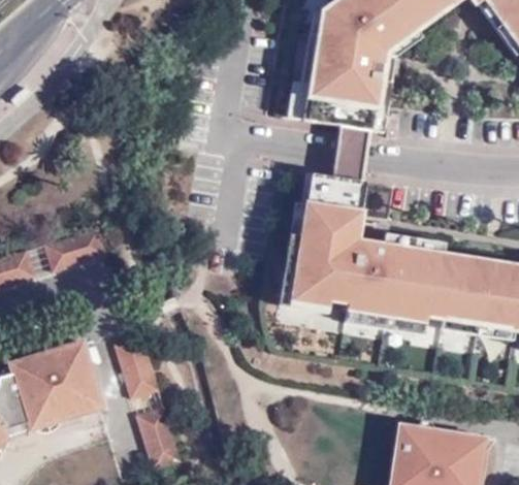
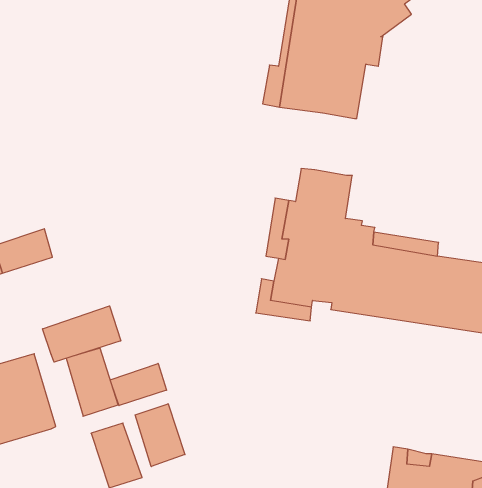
building: [335,124,371,181] -> none
building: none -> [43,306,121,362]
building: none -> [110,363,167,406]
building: none -> [135,404,185,467]

